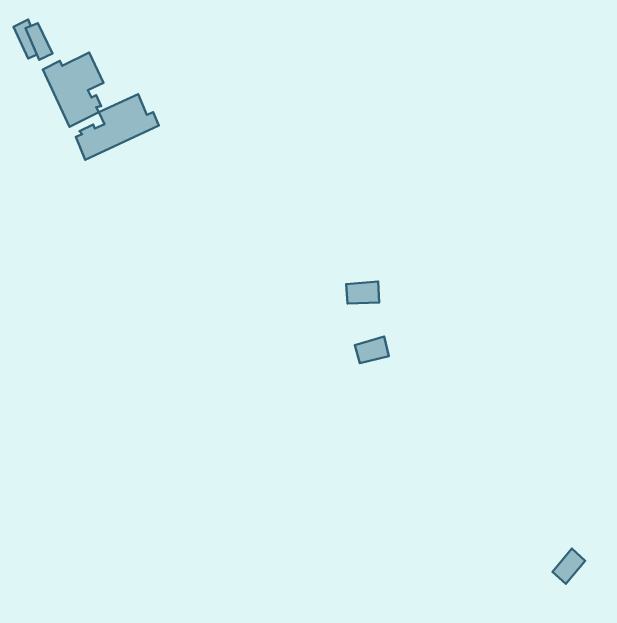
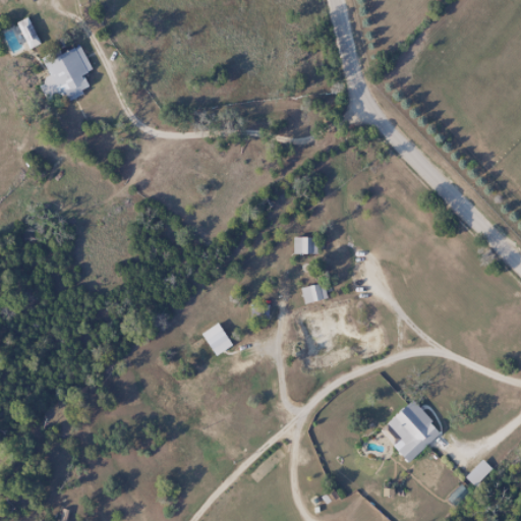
building: [76,94,159,160] -> none
building: none -> [201,323,233,356]
building: none -> [386,399,443,464]

